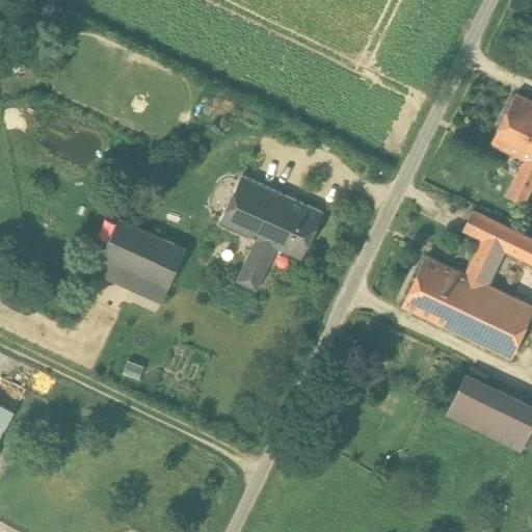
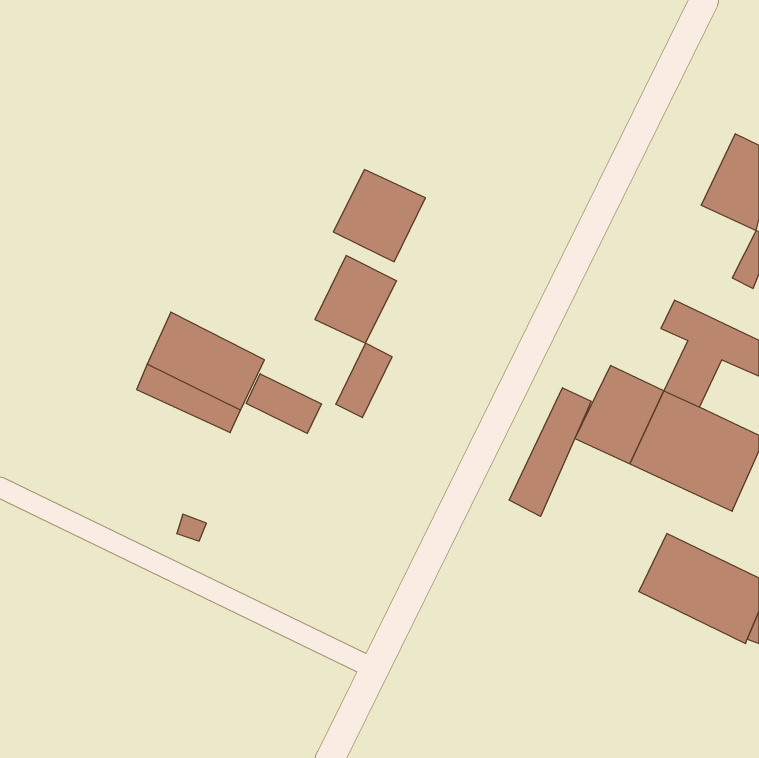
building: [256,197,320,262] -> [333,170,425,262]
building: none -> [246,374,321,433]
building: none -> [509,388,591,516]

